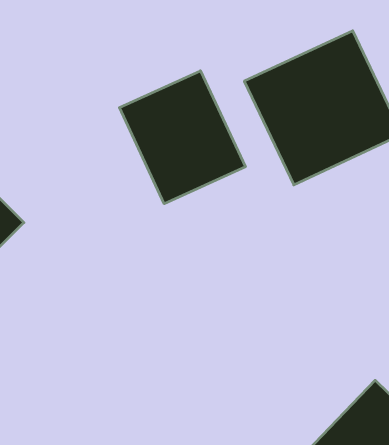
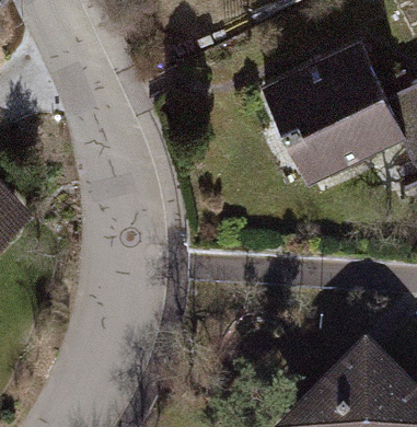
building: [119,71,245,204] -> none

